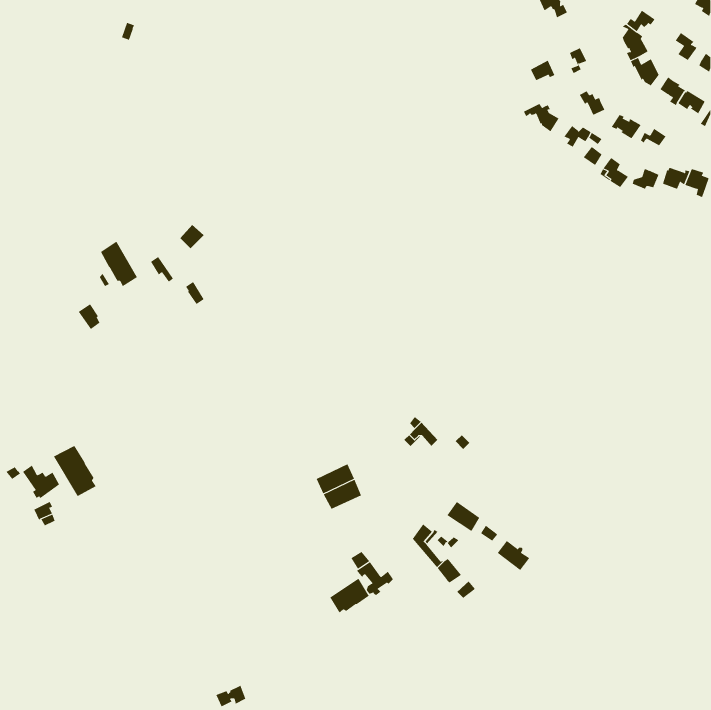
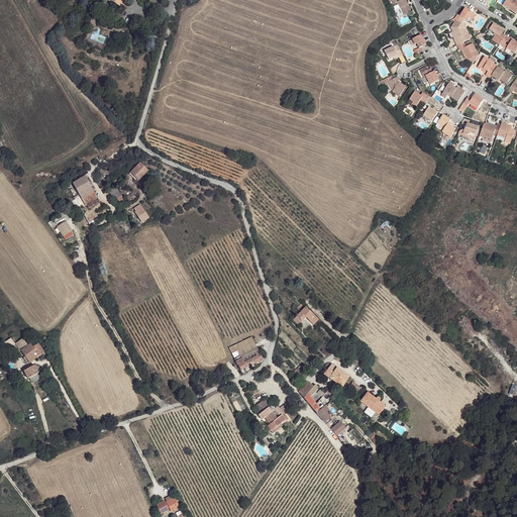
building: [53,445,97,497] -> none
building: [330,578,369,613] -> none

